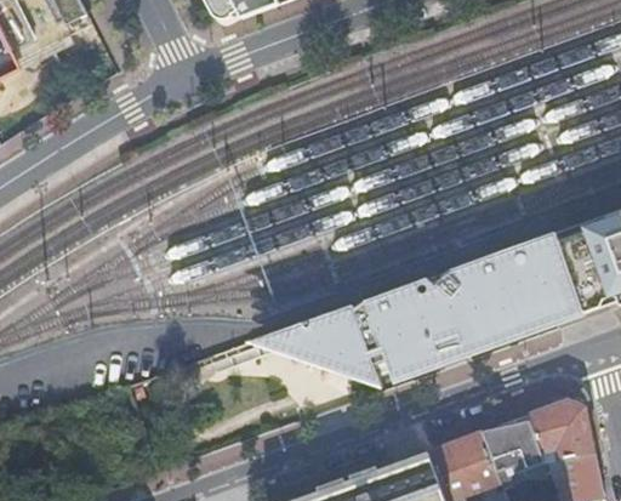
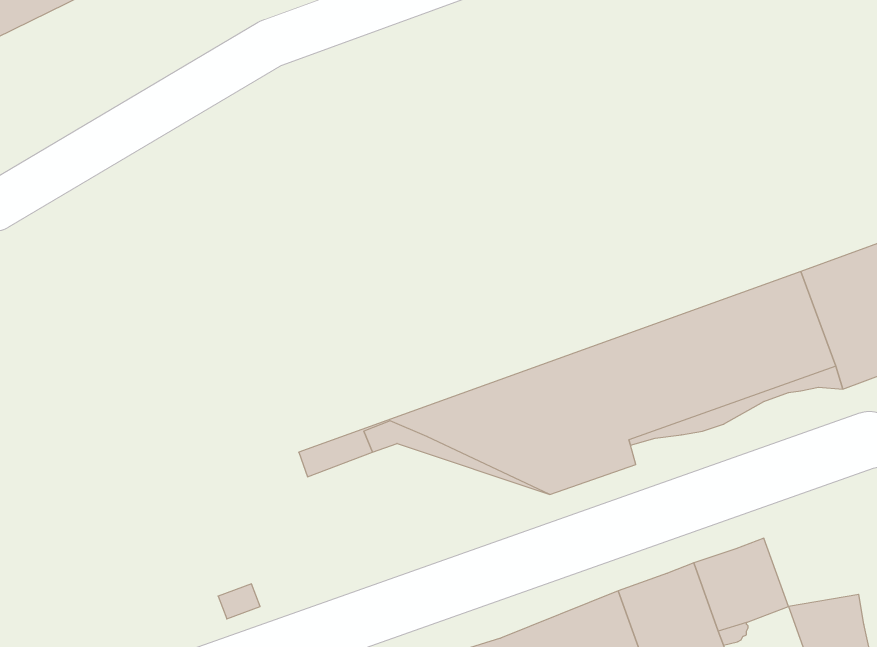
building: [529,402,594,463] -> none

